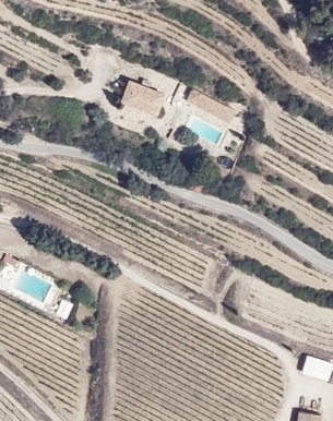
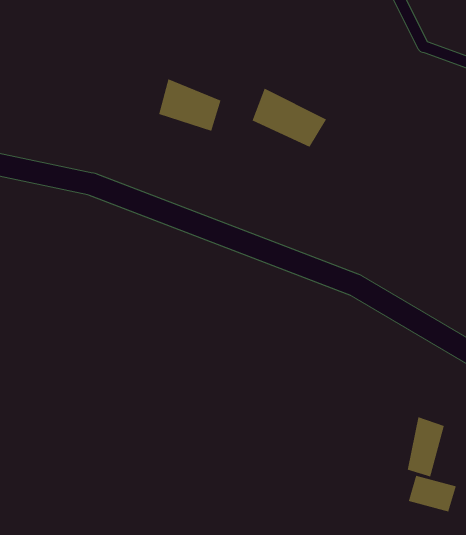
building: none -> [407,416,445,477]

